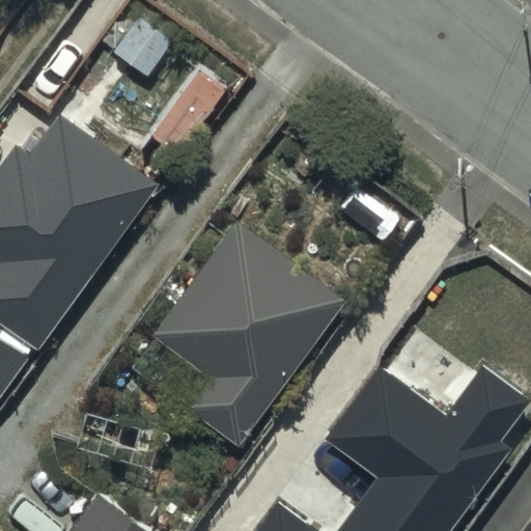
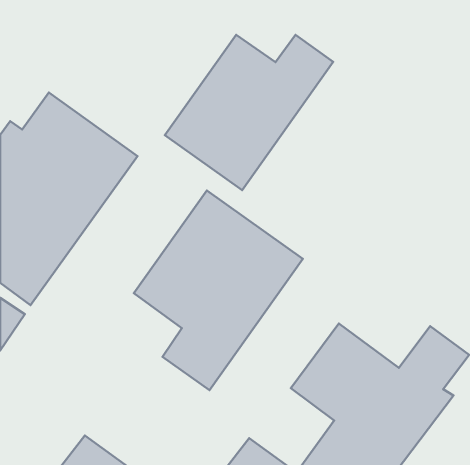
building: none -> [165,35,333,190]

